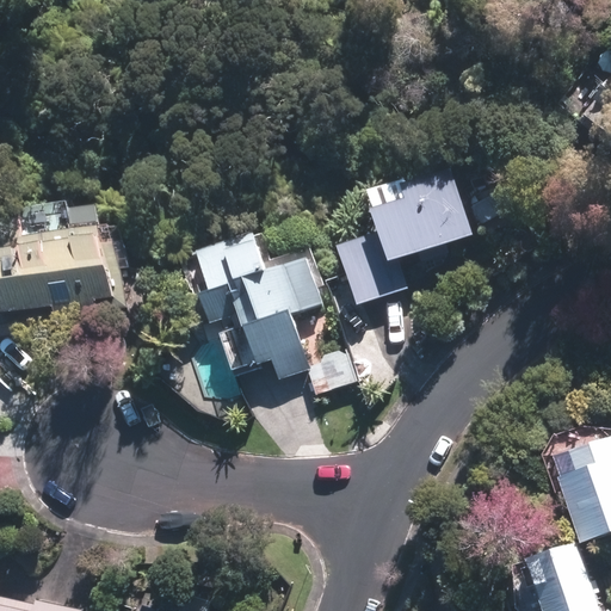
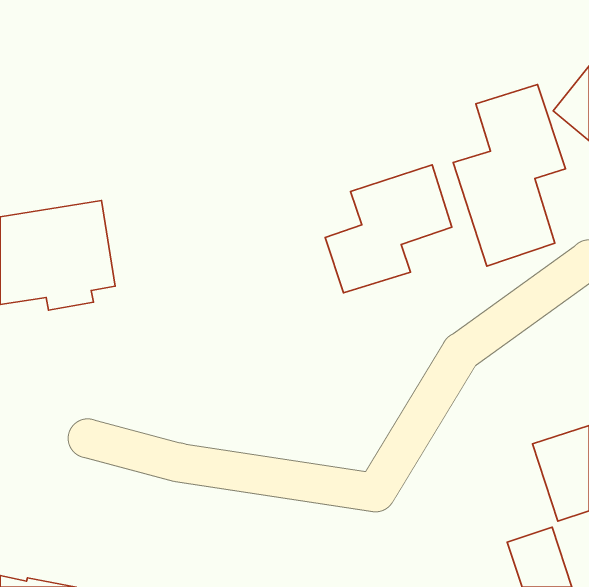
building: none -> [453,85,566,266]
building: [196,233,353,390] -> none

